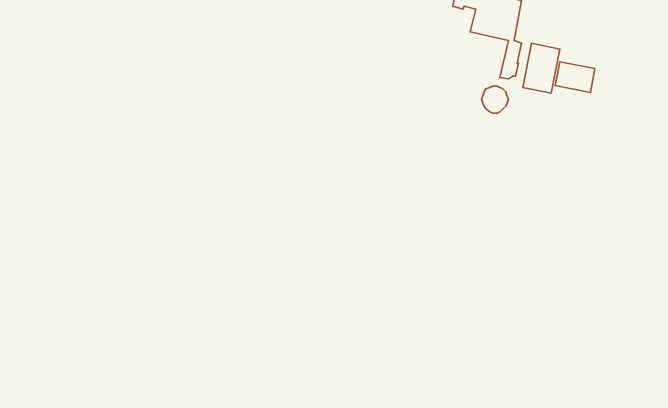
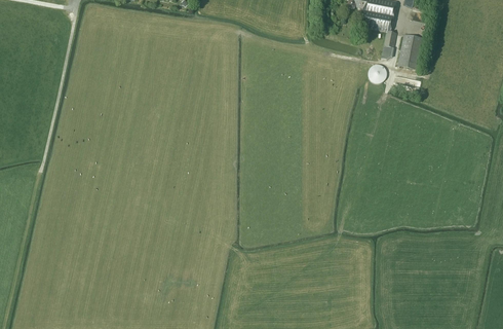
building: [555,62,595,92] -> none

